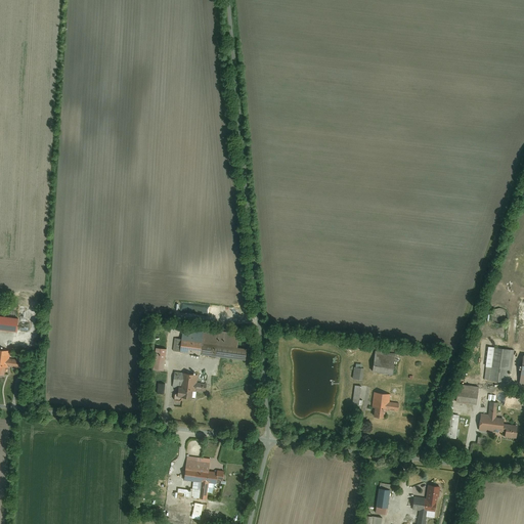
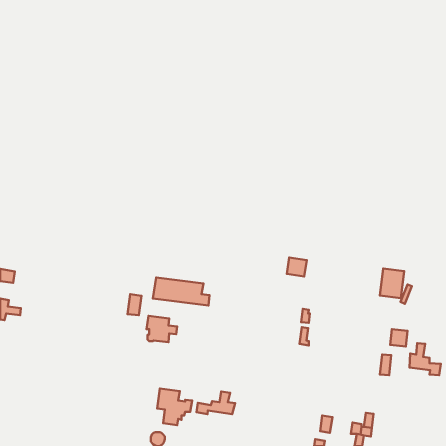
building: [483,349,512,384] -> [380,268,404,298]
building: [372,350,395,373] -> [287,257,307,277]
building: [370,391,399,417] -> none
building: none -> [196,391,235,414]

